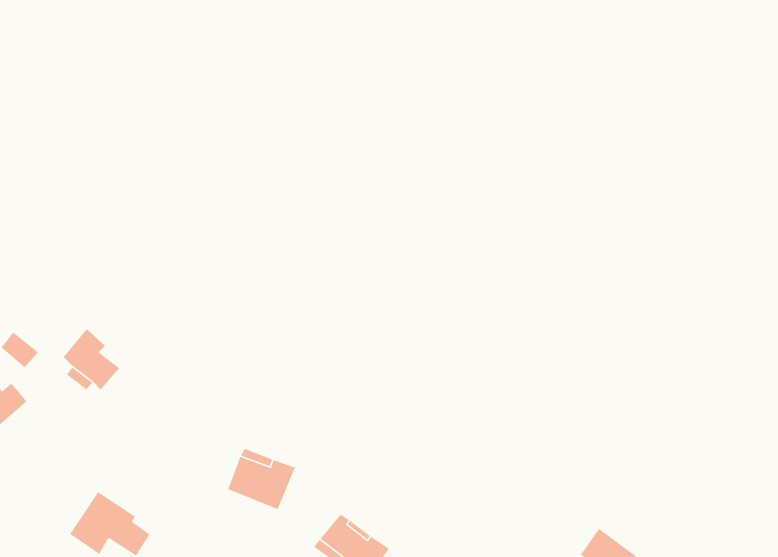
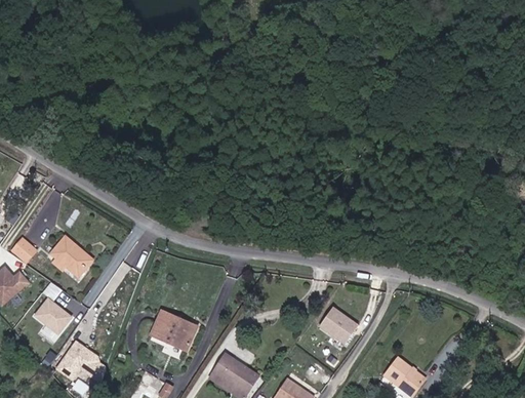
building: none -> [31,295,71,334]
building: none -> [315,306,356,345]

